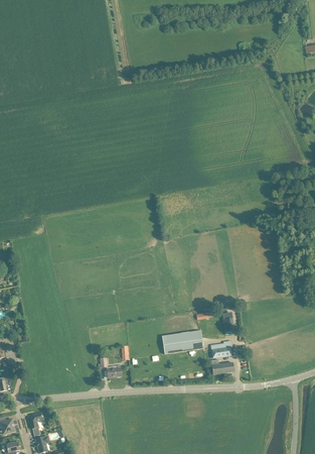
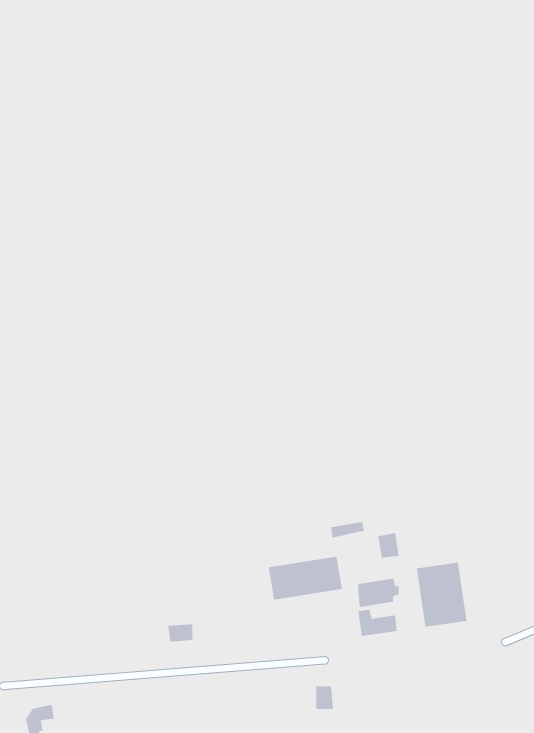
building: none -> [416,562,467,628]

